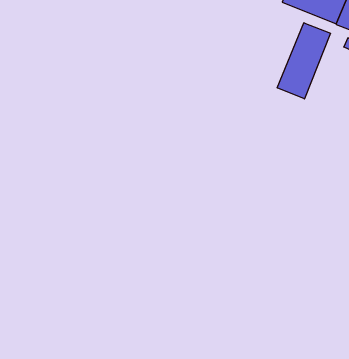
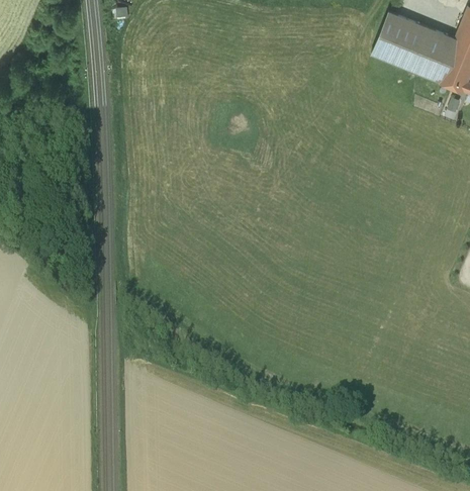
building: [277,23,331,99] -> none

